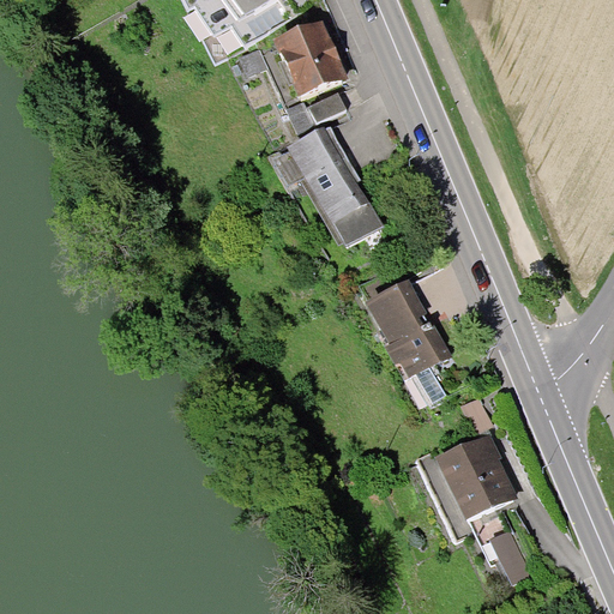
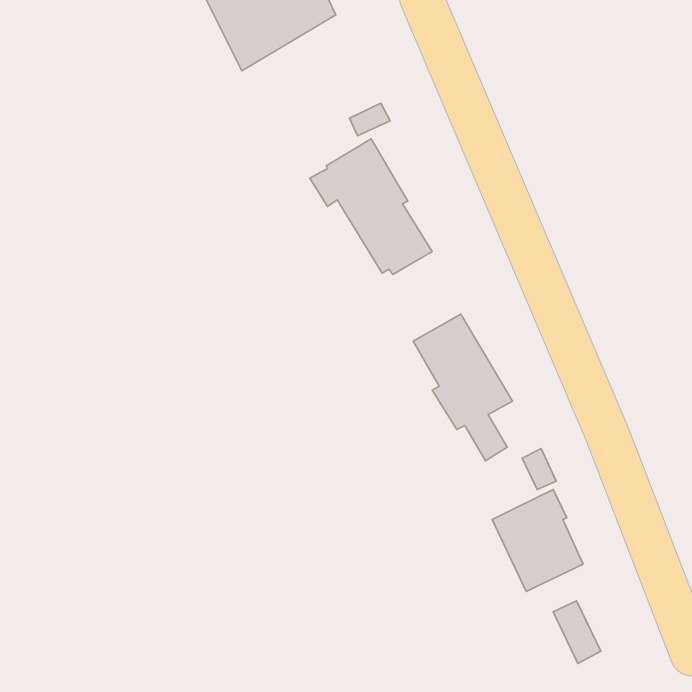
building: [271,16,344,98] -> none

